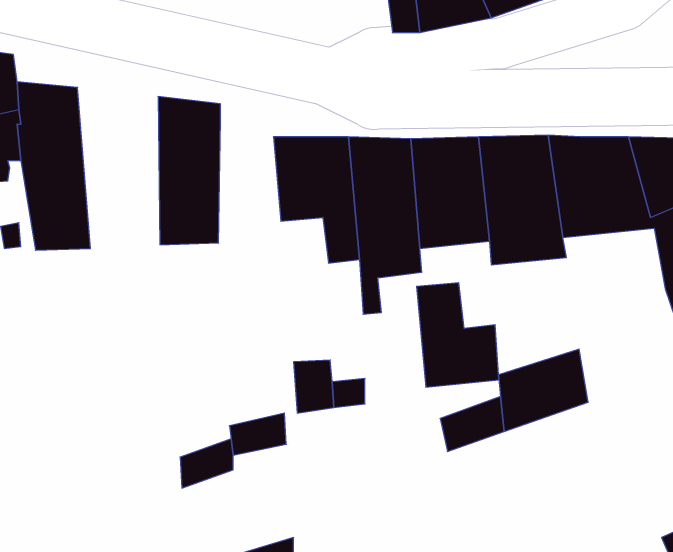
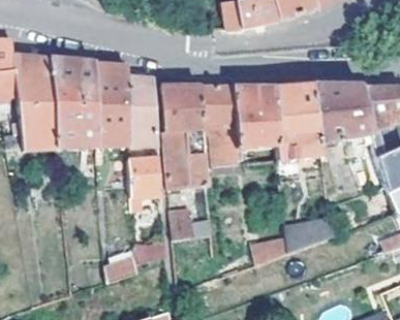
building: none -> [48,57,94,148]
building: none -> [127,75,158,145]
building: none -> [127,157,161,197]
building: [417,283,499,387] -> [162,130,209,189]

